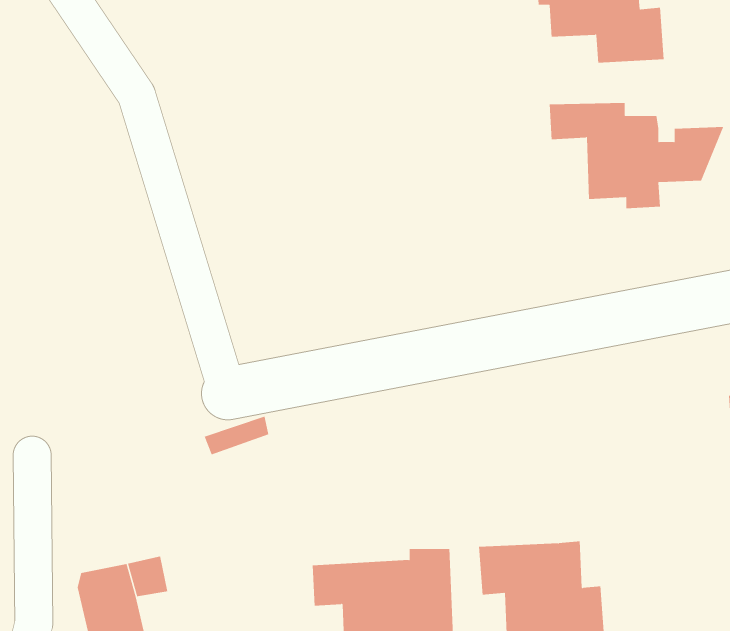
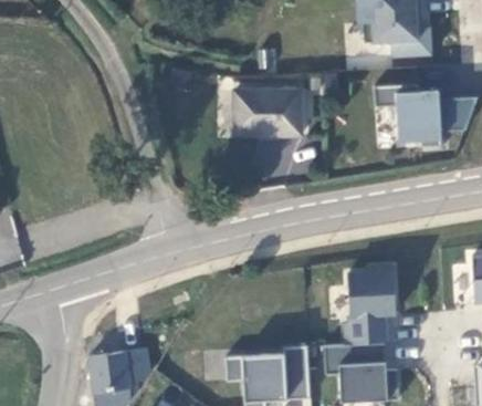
building: none -> [241,83,302,125]
building: none -> [345,263,396,343]

